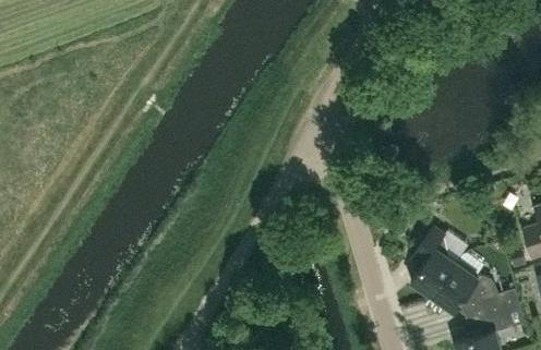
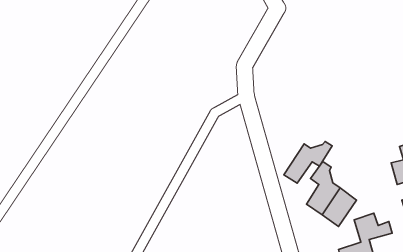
building: none -> [284,141,332,183]

